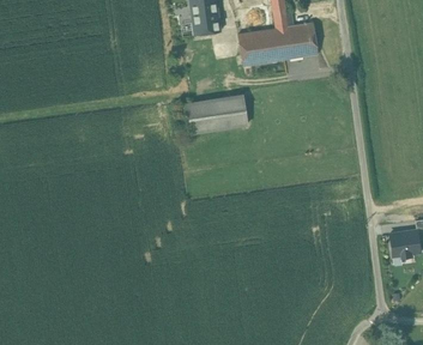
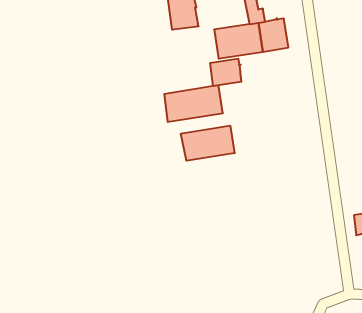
building: none -> [210,59,241,86]
building: none -> [181,126,235,161]

